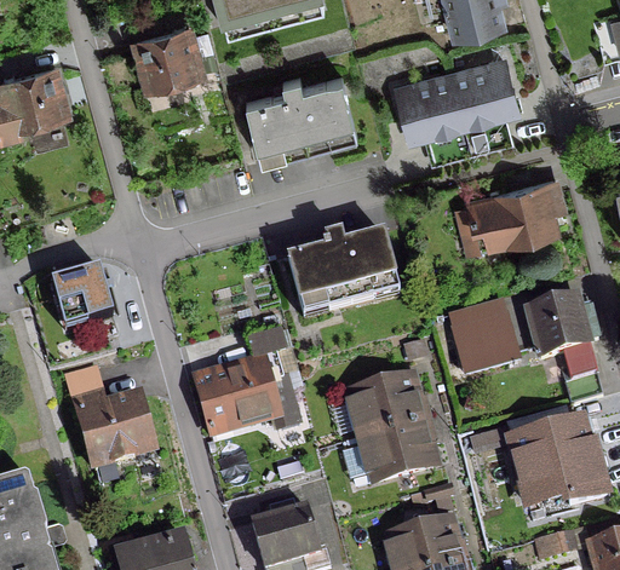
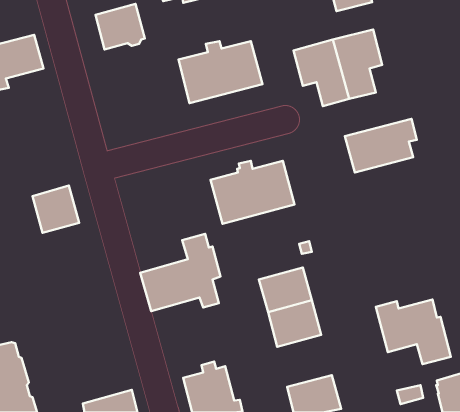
building: [527,296,597,380] -> none
building: [453,315,517,375] -> none
building: [63,367,151,466] -> none

